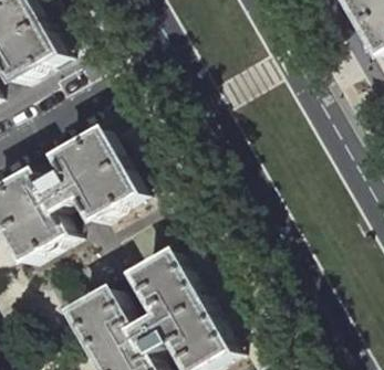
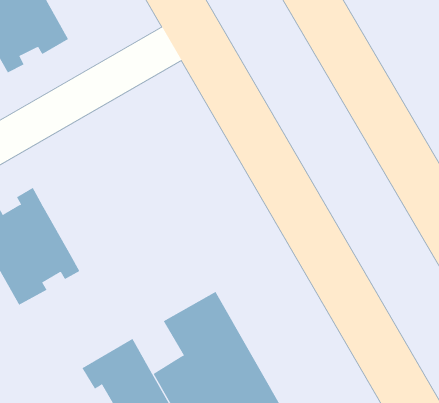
building: [40,130,141,224] -> none

